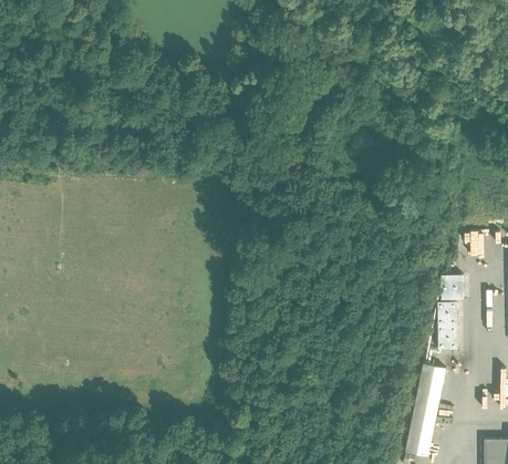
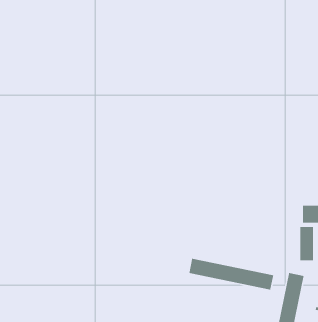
building: none -> [188,258,274,291]

